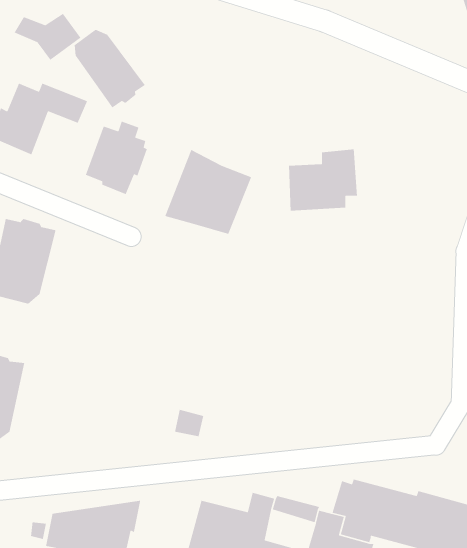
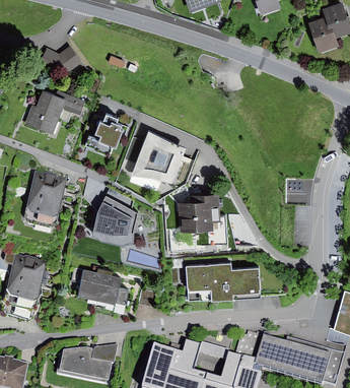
building: [74,29,146,109] -> none
building: [288,148,358,211] -> [179,193,221,232]
building: none -> [91,196,137,245]
building: none -> [186,262,260,302]
building: none -> [76,269,122,306]

